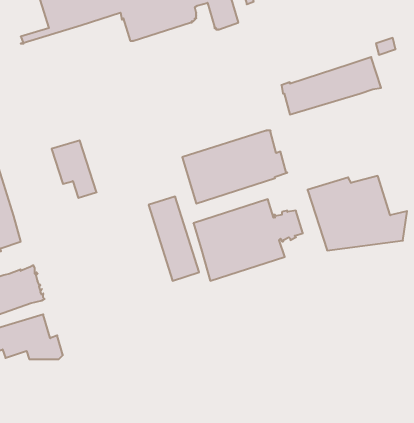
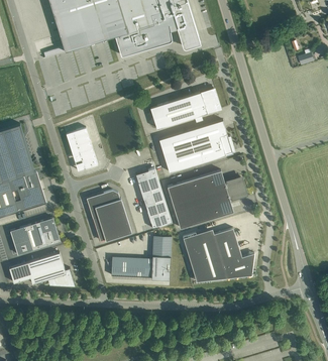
building: [281,57,381,115] -> [149,88,221,129]
building: [307,176,407,250] -> [182,229,253,282]
building: none -> [89,191,130,241]
building: none -> [110,236,171,280]

